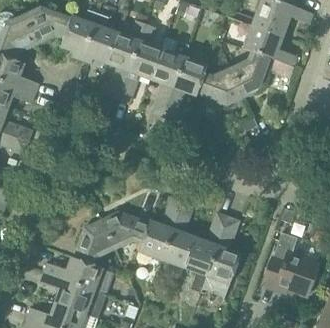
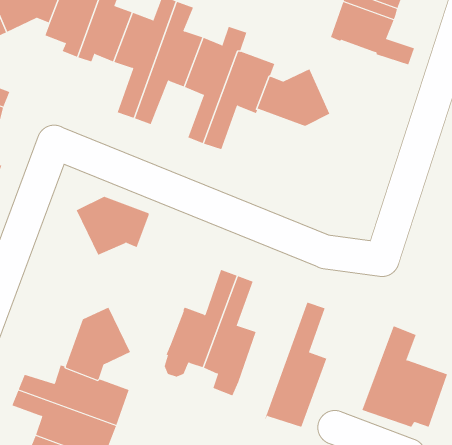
building: [229,50,271,97] -> none
building: [101,211,148,249] -> [76,196,150,256]
building: [184,213,227,292] -> none

